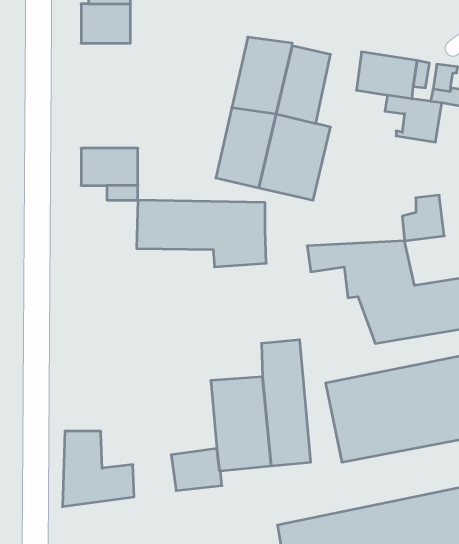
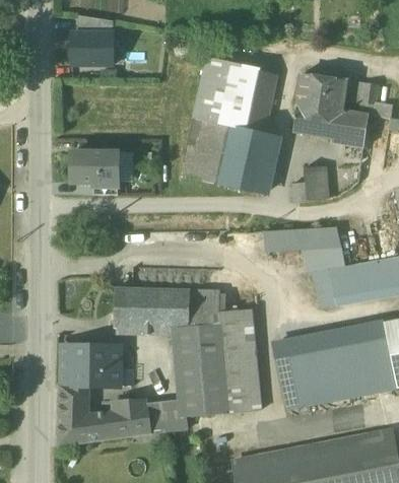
building: none -> [293,104,338,138]
building: [402,195,444,241] -> [292,165,327,203]
building: [137,200,266,267] -> [115,287,221,342]
building: none -> [62,344,121,386]
building: none -> [114,400,150,437]

